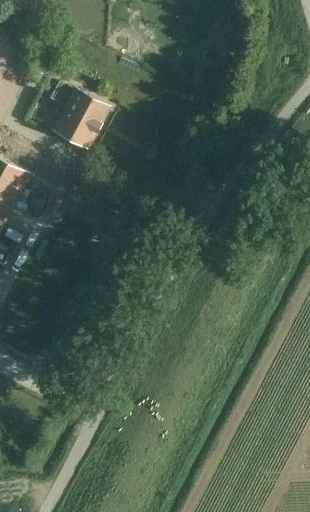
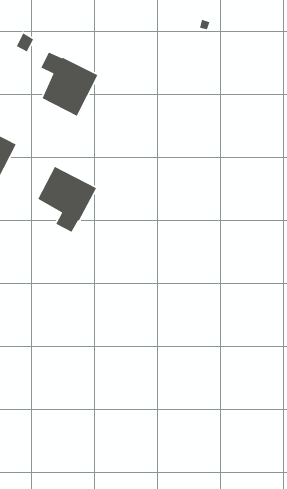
building: none -> [37,166,97,233]

